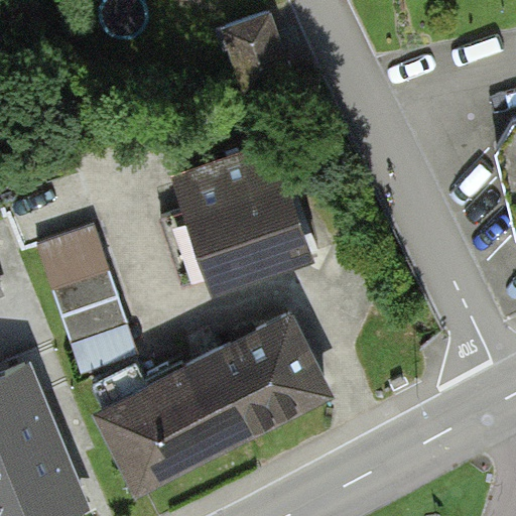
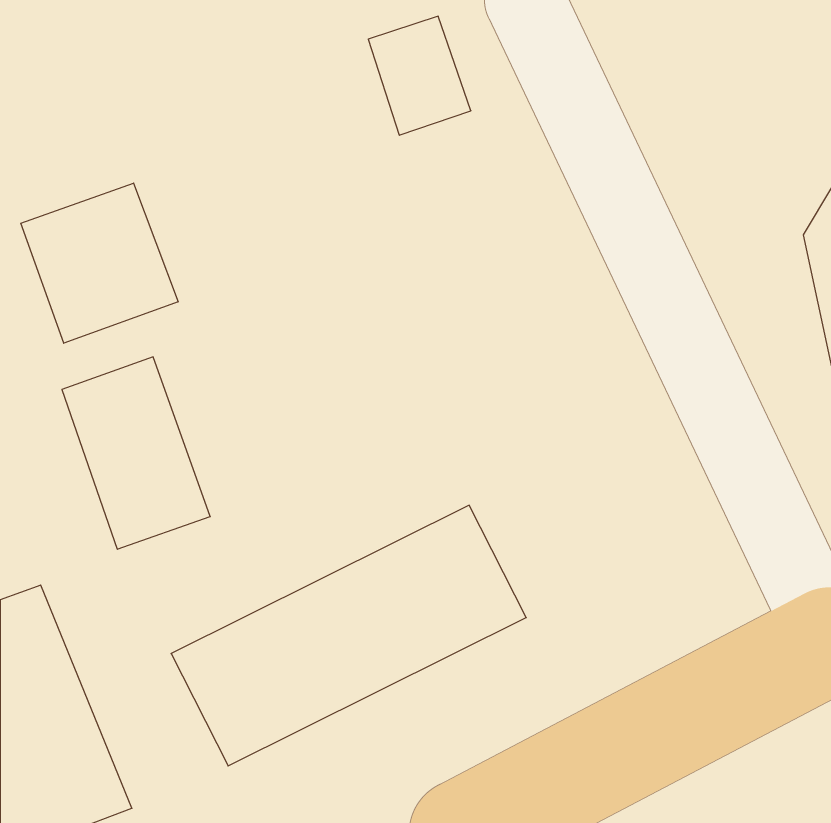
building: none -> [21,183,178,343]
building: [163,155,305,291] -> none

